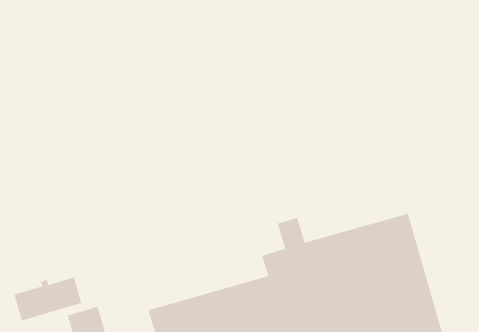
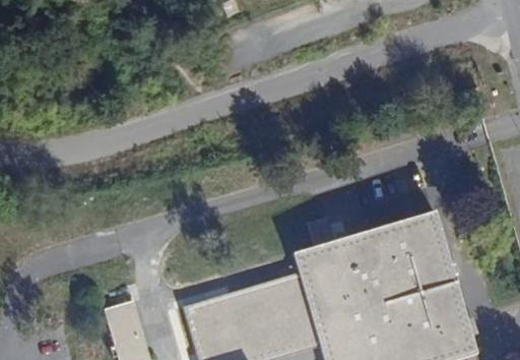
building: [14,276,82,321] -> none

